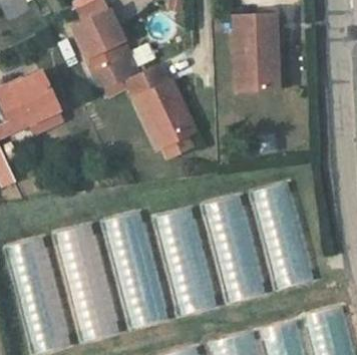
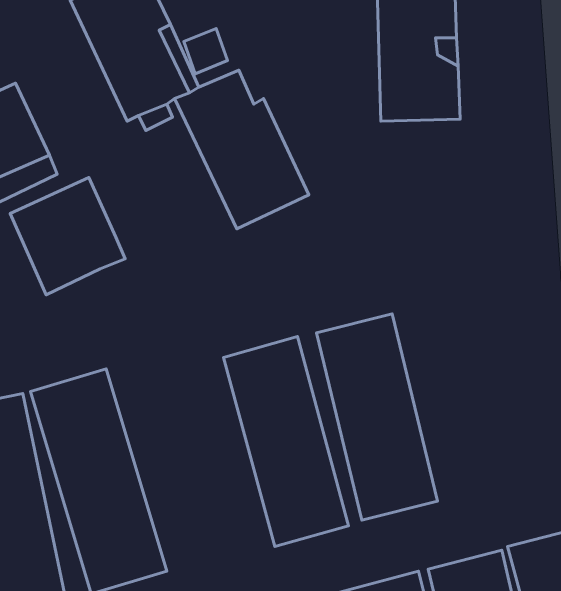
building: none -> [10,177,125,295]
building: [254,182,310,289] -> none
building: [105,211,164,327] -> none

